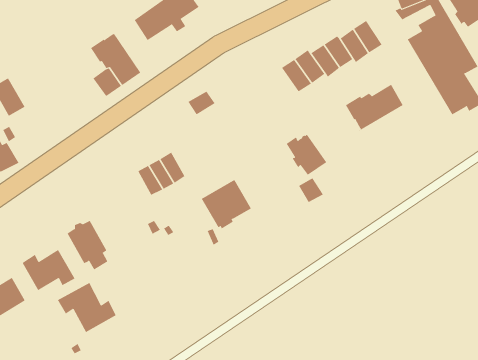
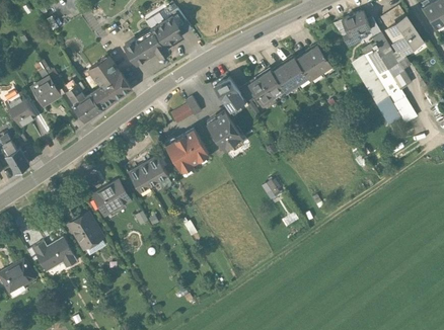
building: none -> [30,77,60,107]
building: none -> [215,81,244,111]
building: none -> [65,86,101,121]
building: [345,84,404,131] -> none
building: [286,134,327,176] -> [206,115,240,150]
building: [201,179,252,229] -> [165,131,208,172]
building: none -> [92,181,129,216]
building: [57,282,116,333] -> none

